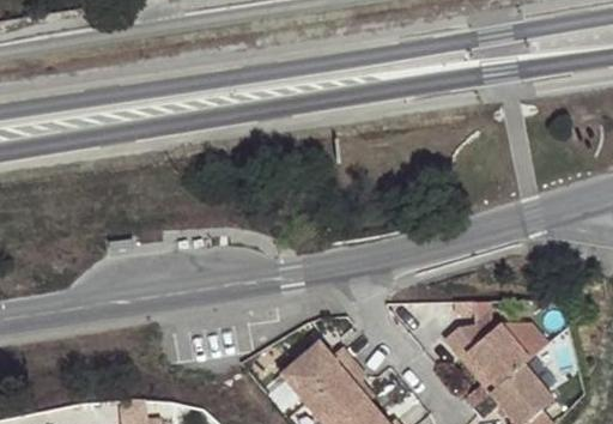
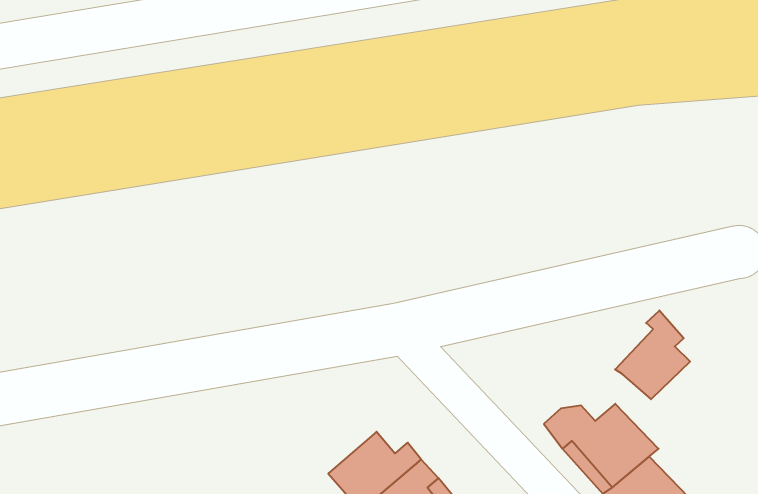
building: none -> [615,310,690,399]

